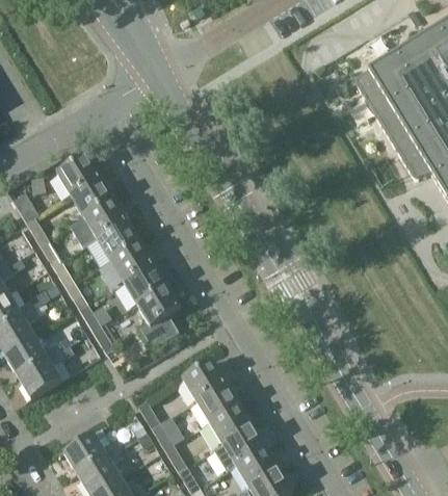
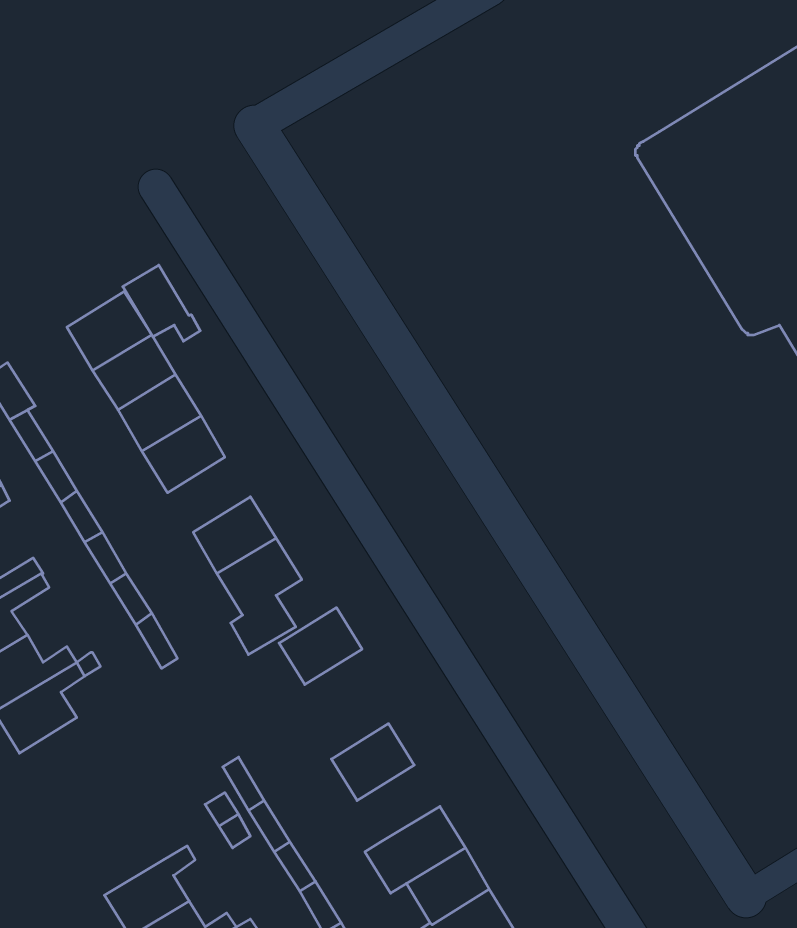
building: none -> [123,265,200,341]
building: [109,241,153,281] -> none
building: [182,360,226,400] -> [279,608,362,685]
building: [209,403,253,444] -> none
building: [63,432,129,472] -> none

